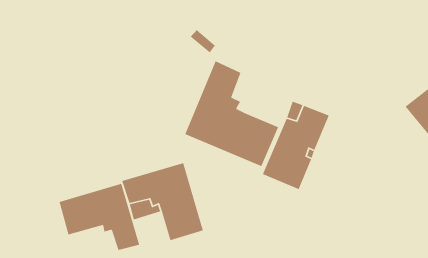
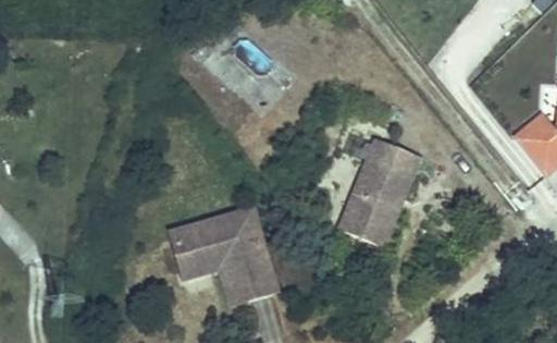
building: [184,60,279,167] -> none
building: [58,183,140,251] -> none

